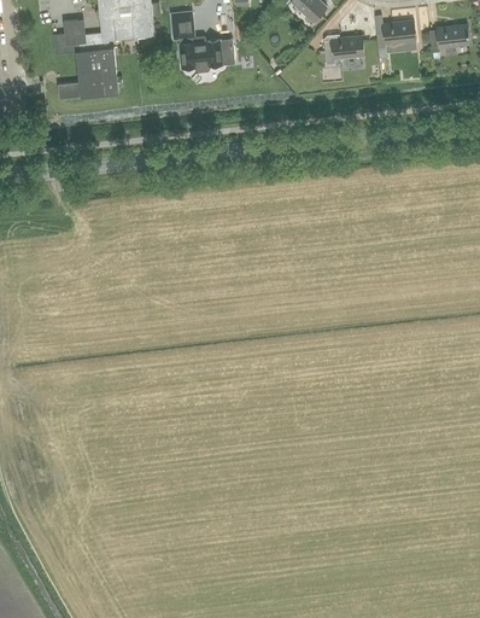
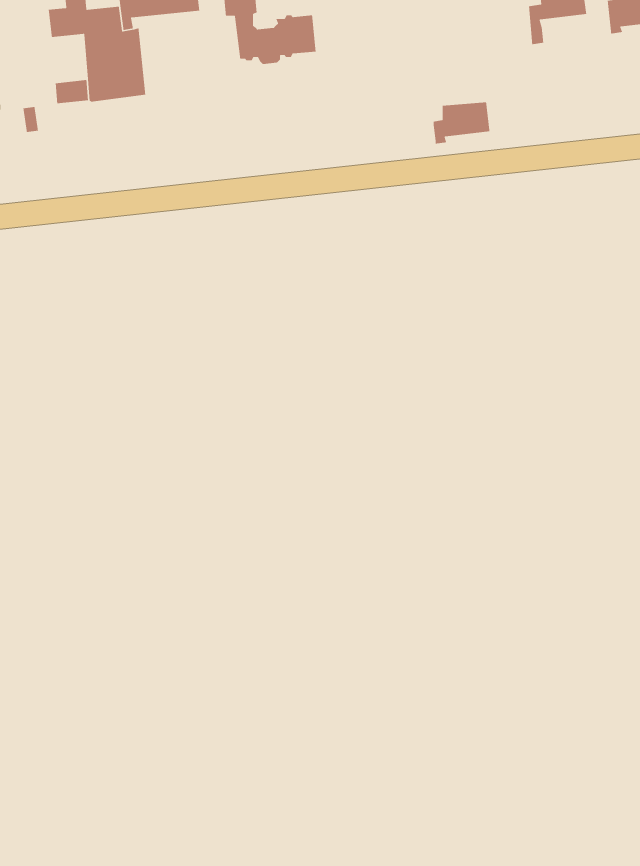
building: [324,35,363,64] -> [433,101,490,144]

